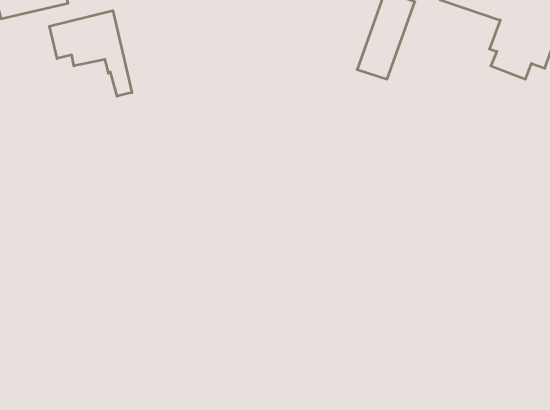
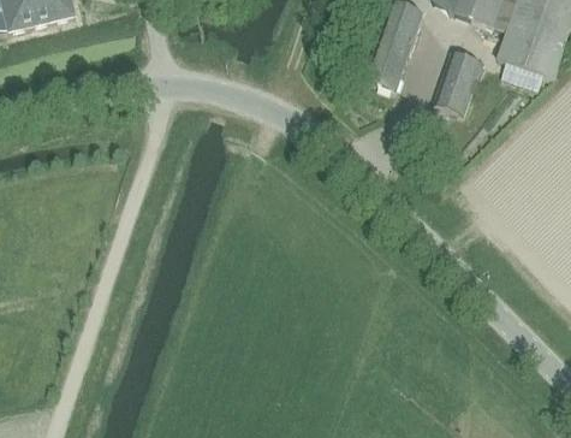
building: [49,11,132,96] -> none
building: none -> [433,52,481,114]

